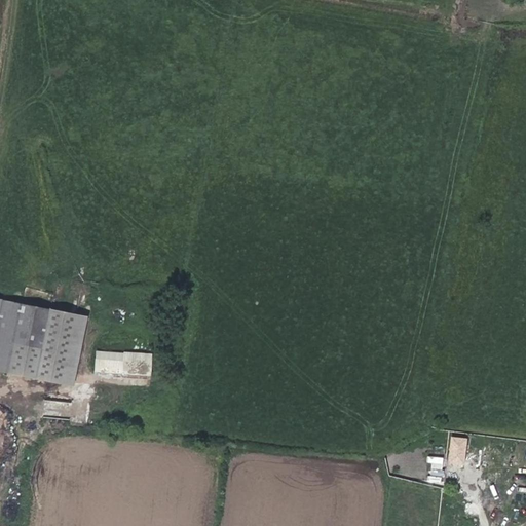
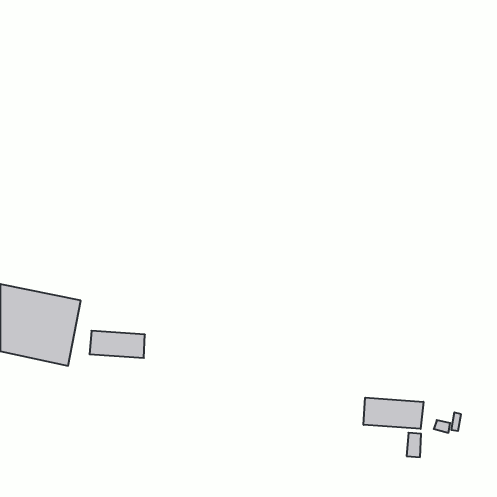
building: none -> [364,398,423,429]

